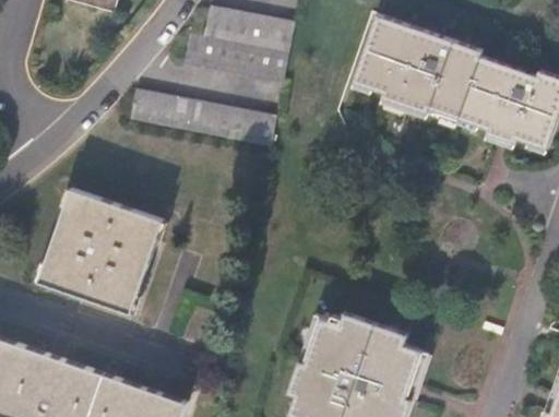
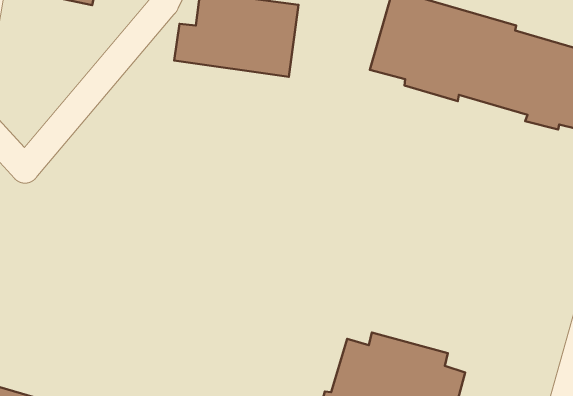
building: [129,88,275,146] -> none
building: [37,187,163,313] -> none

